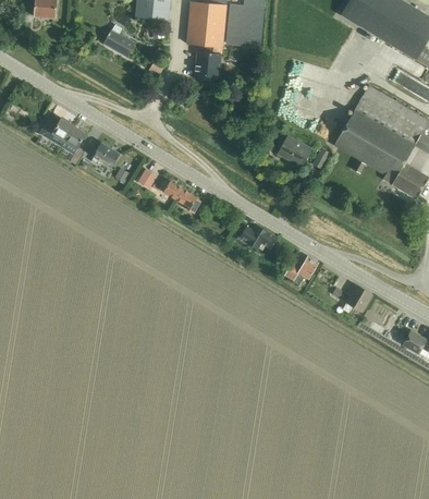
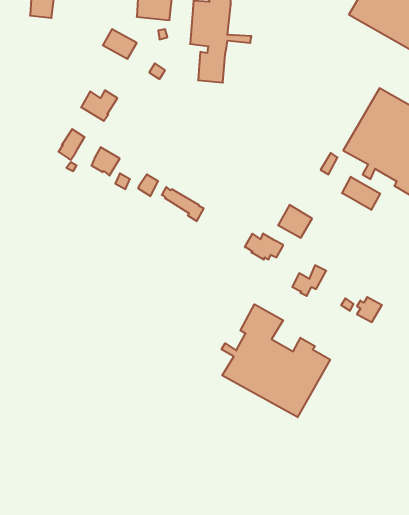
building: [38,117,73,146] -> [81,90,117,121]
building: [278,134,310,166] -> [278,205,312,238]
building: none -> [342,177,380,210]
building: none -> [222,304,330,417]

